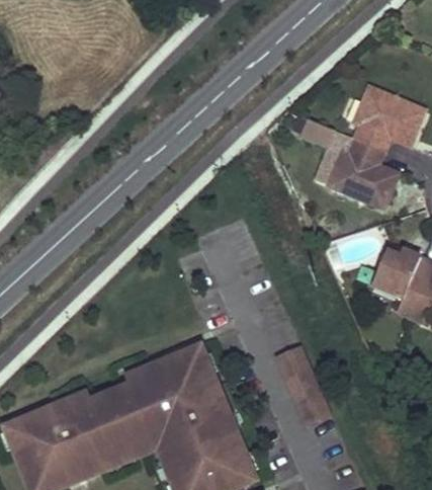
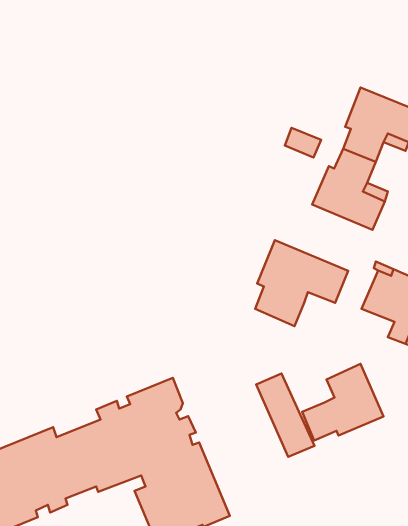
building: none -> [255,240,348,326]
building: none -> [302,364,384,440]

